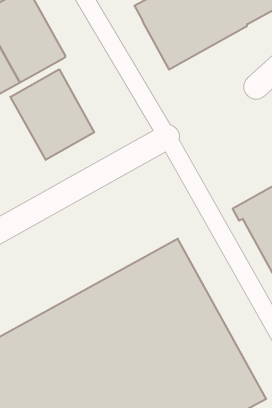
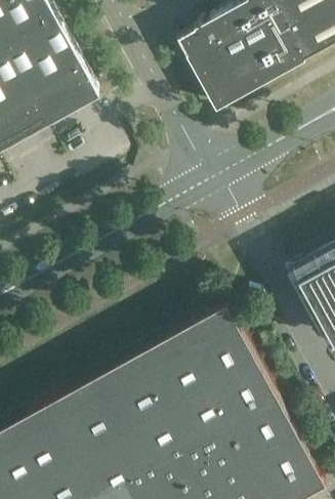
building: [10,69,94,160] -> none

